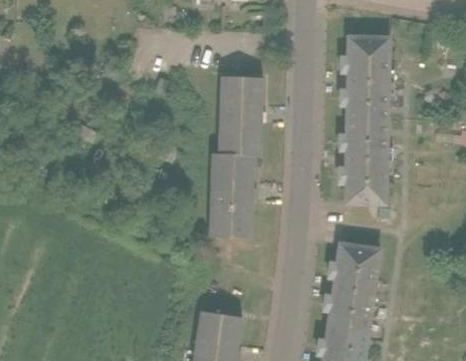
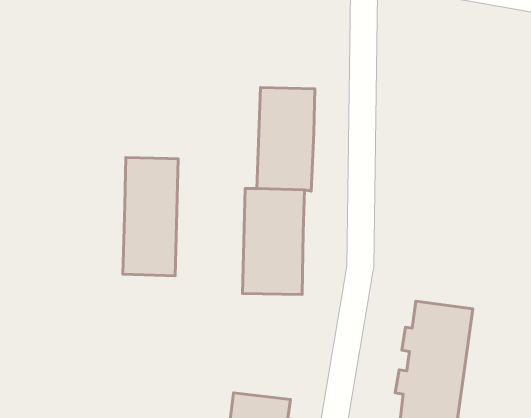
building: [340,36,393,206] -> none
building: none -> [123,157,178,276]

